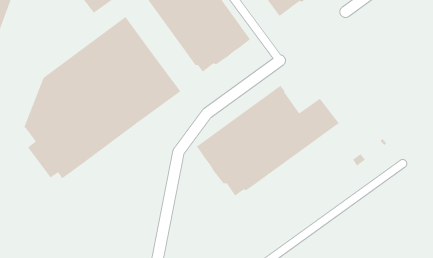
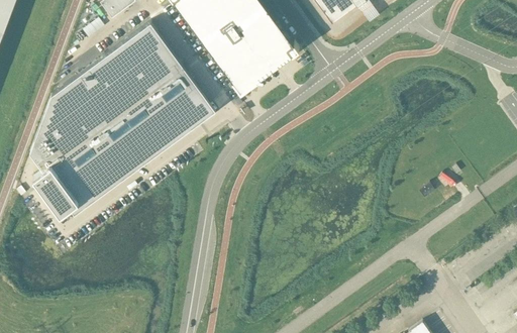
building: [196,85,340,196] -> none

